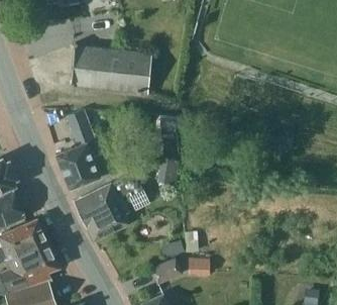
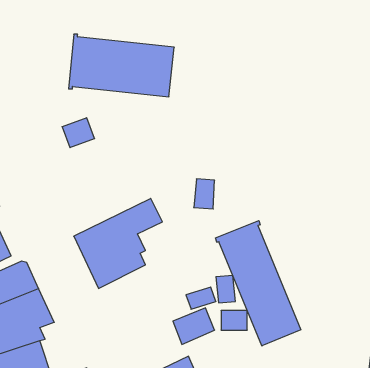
building: [55,140,109,190] -> none
building: none -> [215,221,301,346]

